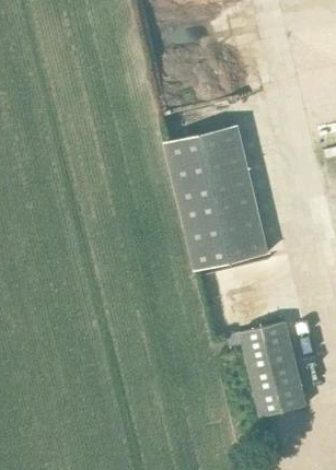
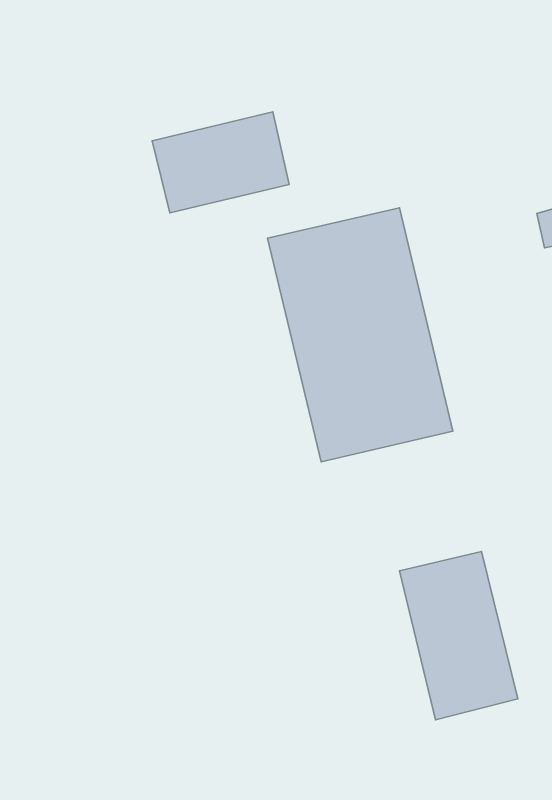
building: none -> [152,112,289,213]

